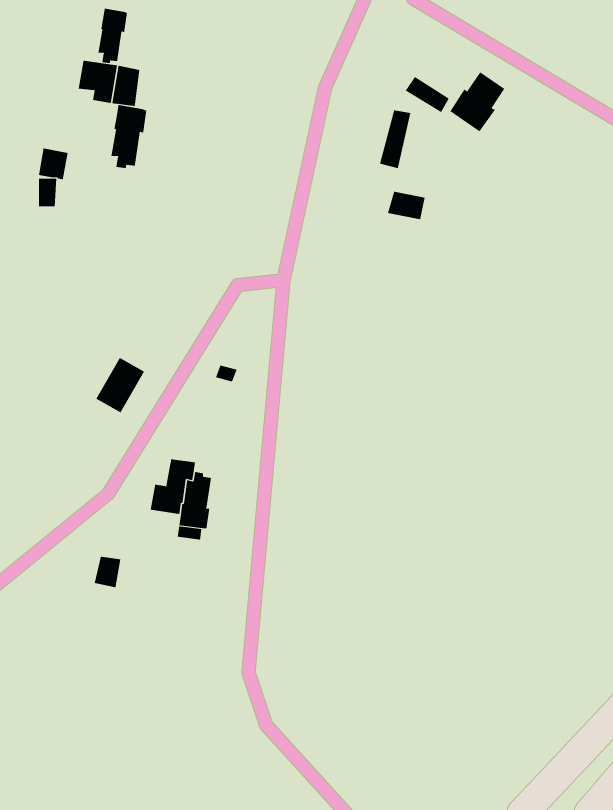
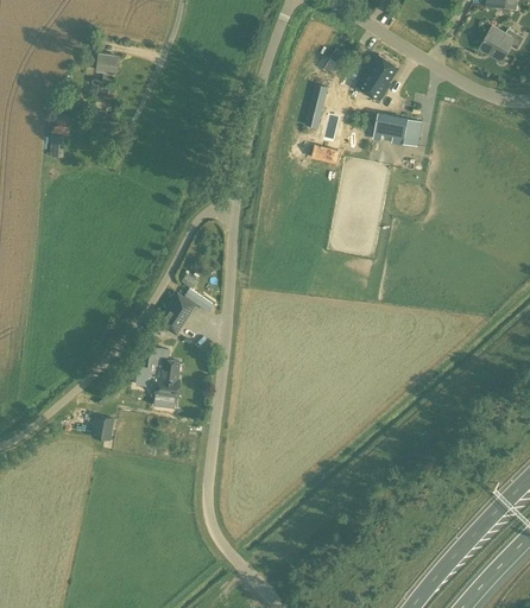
building: [98,8,128,64] -> none
building: [111,104,147,169] -> none
building: none -> [374,112,423,146]
building: [95,357,145,413] -> [159,294,196,336]

